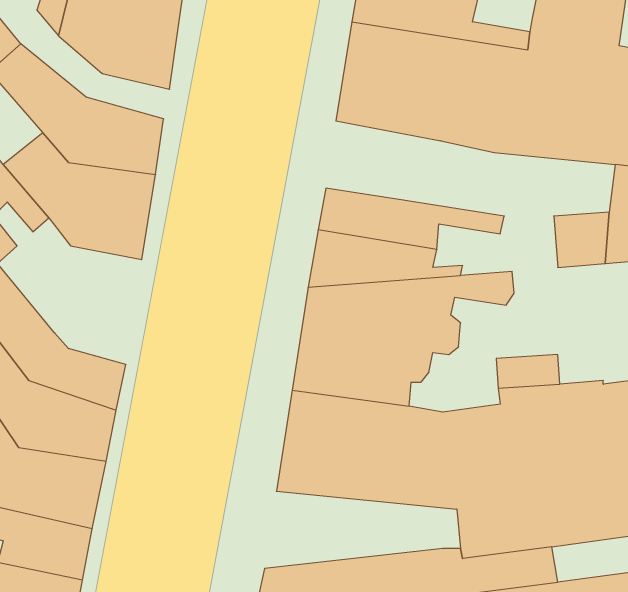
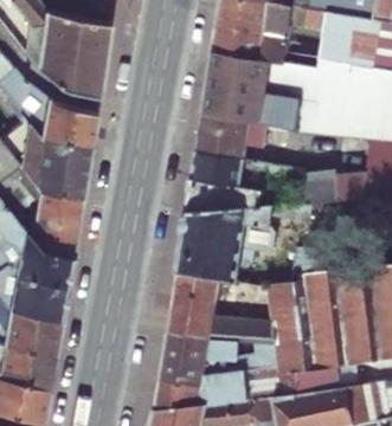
building: none -> [195,112,264,160]
building: none -> [33,187,85,258]
building: none -> [159,334,276,380]

